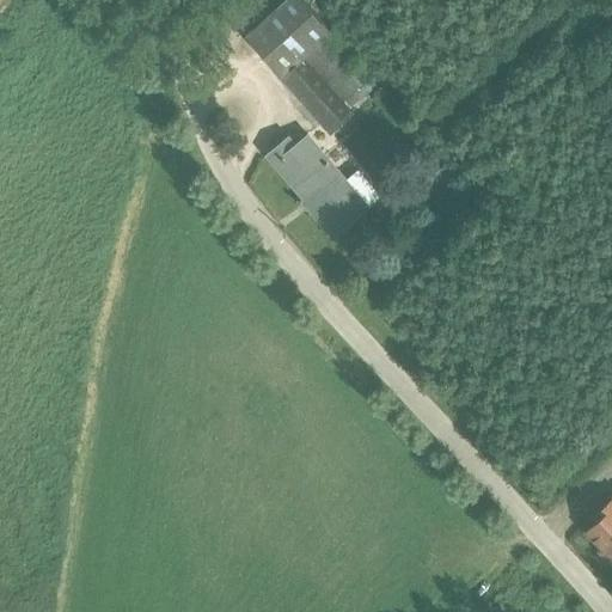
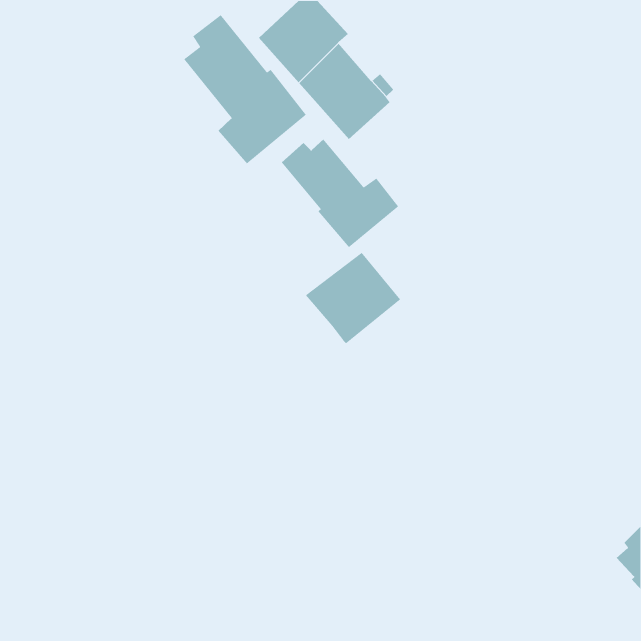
building: none -> [183,14,307,164]
building: none -> [305,252,401,344]

